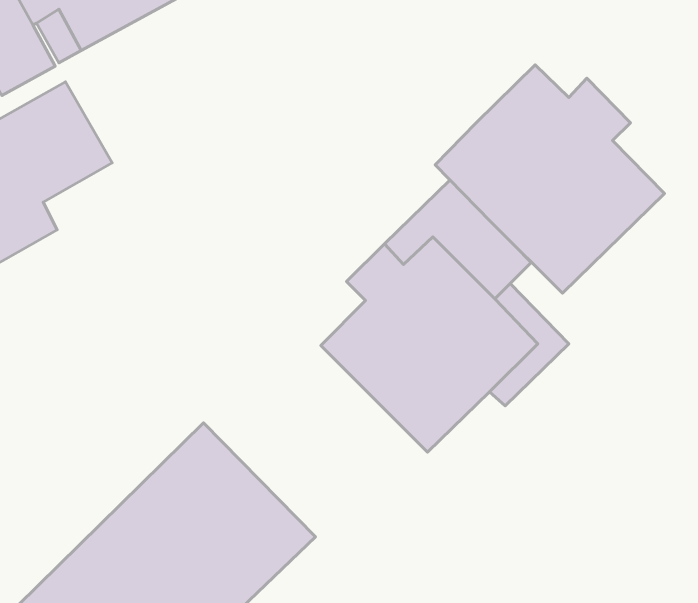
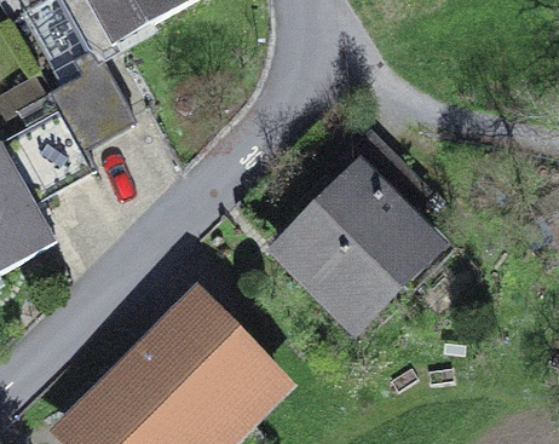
building: [435,65,664,293] -> none

